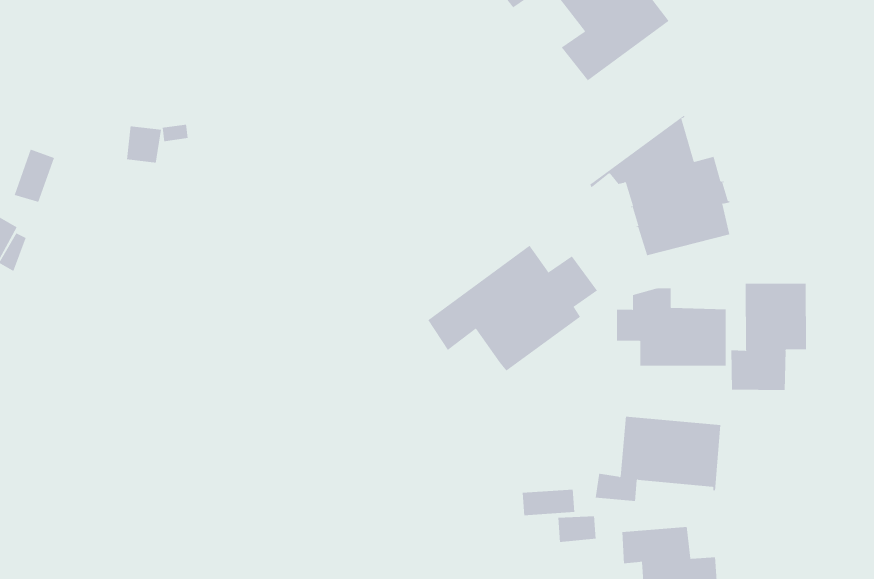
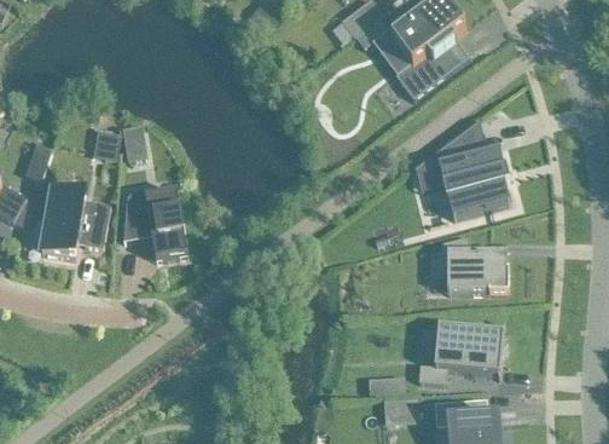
building: none -> [122,189,186,260]
building: none -> [37,192,109,259]
building: [427,245,598,371] -> none
building: [731,283,806,391] -> none

